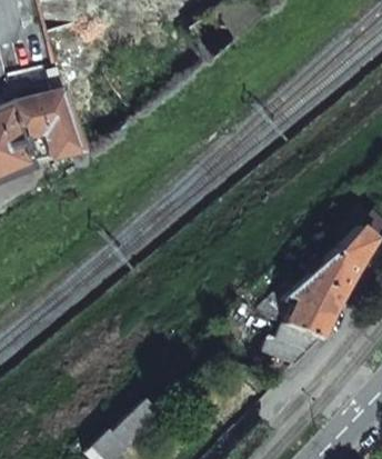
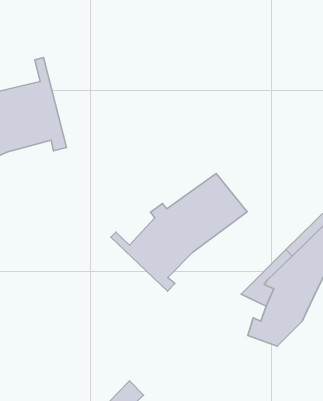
building: none -> [111,174,247,291]

